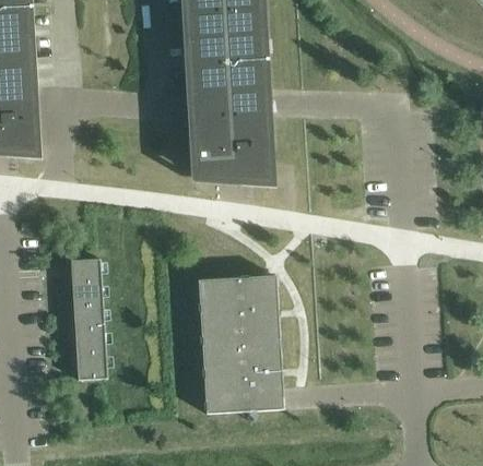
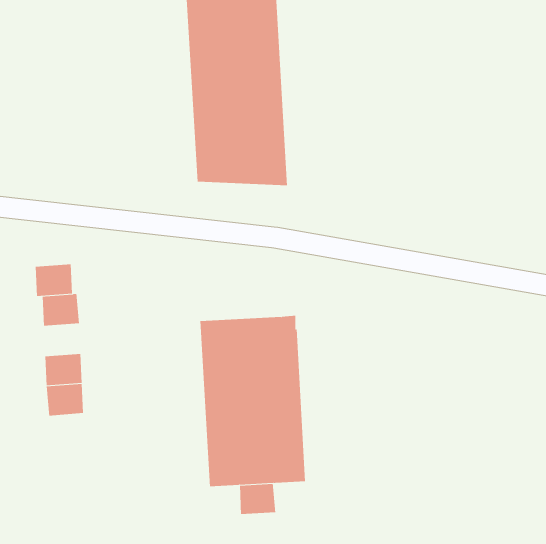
building: [73,284,104,310] -> [35,264,73,297]
building: [78,356,108,382] -> none
building: none -> [239,483,276,515]

